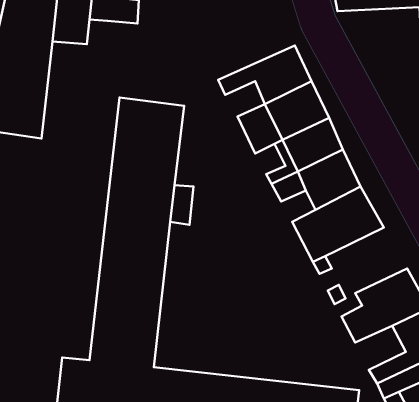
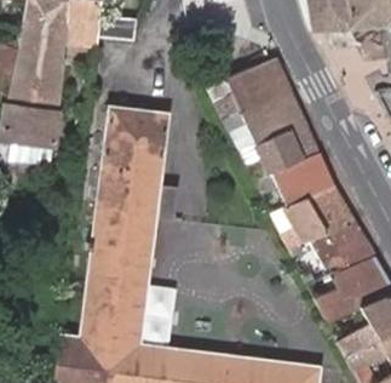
building: none -> [310,221,373,279]

